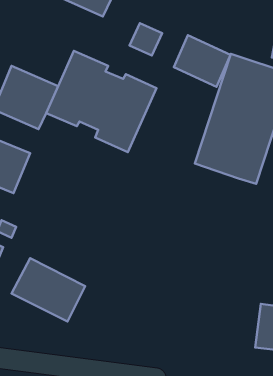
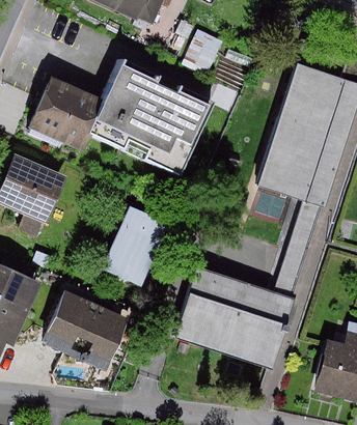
building: [174,35,231,87] -> none
building: none -> [174,203,322,366]
building: none -> [99,205,168,287]

